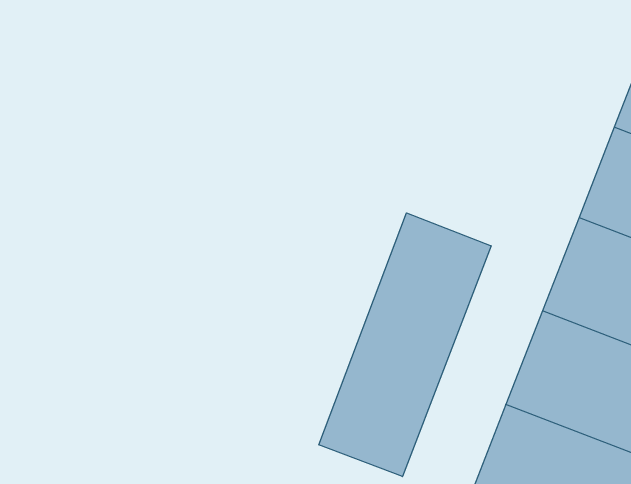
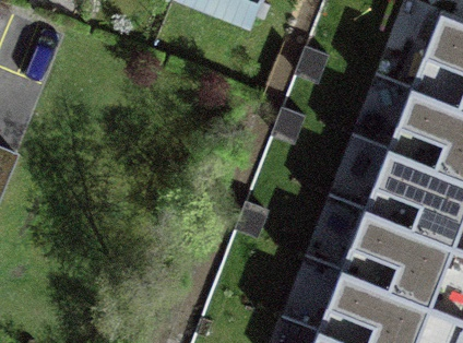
building: [319,213,491,477] -> none

